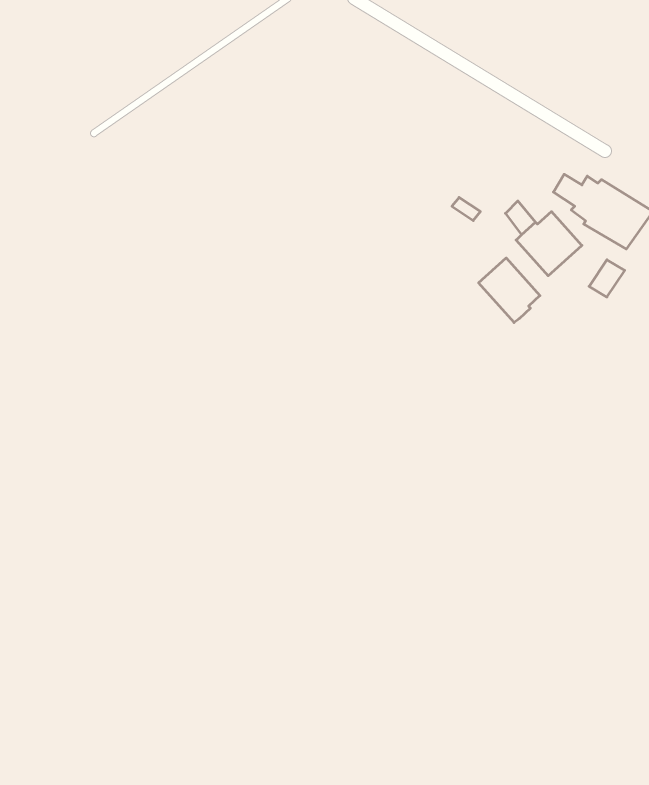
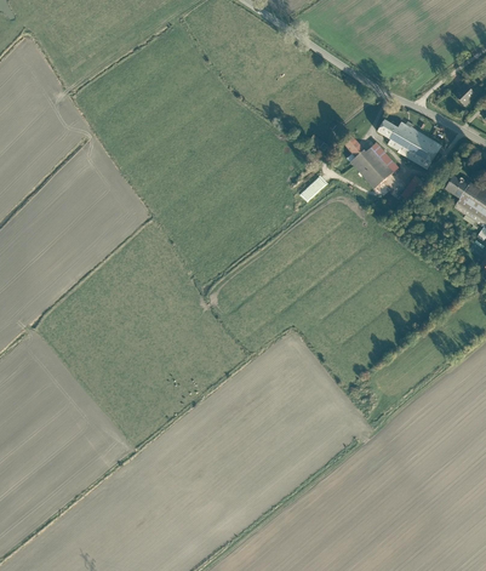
building: [479,258,540,323] -> none

